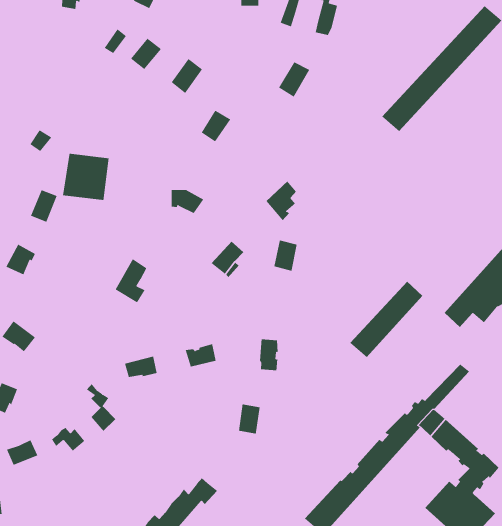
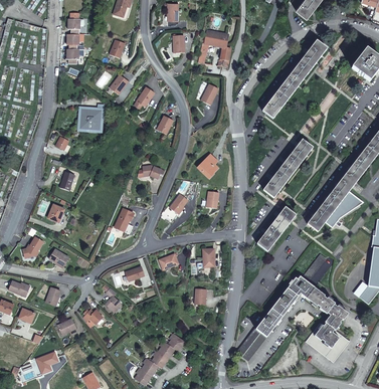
building: [62,153,109,201] -> [75,105,102,131]
building: none -> [261,141,312,199]

